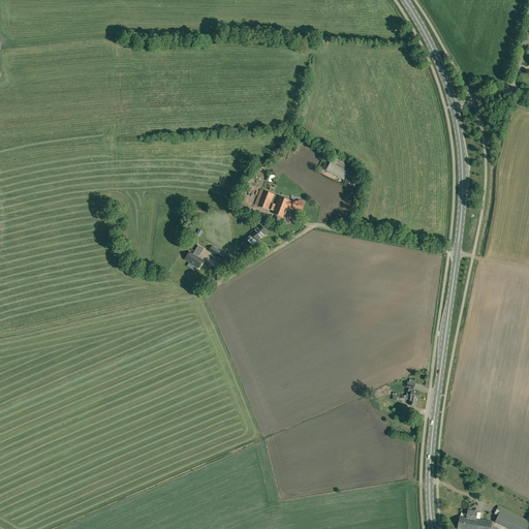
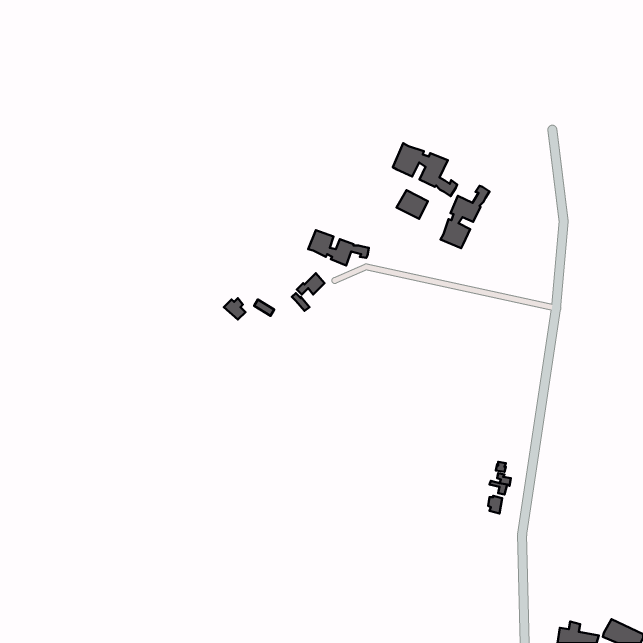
building: none -> [393,143,457,196]
building: none -> [440,186,489,248]

